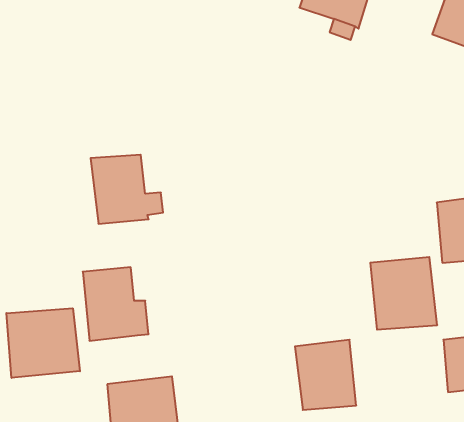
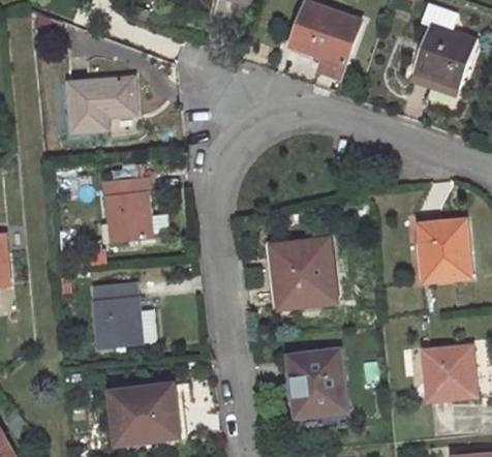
building: none -> [66,79,135,134]
building: [370,257,437,330] -> [273,237,335,304]
building: [6,308,80,378] -> none

